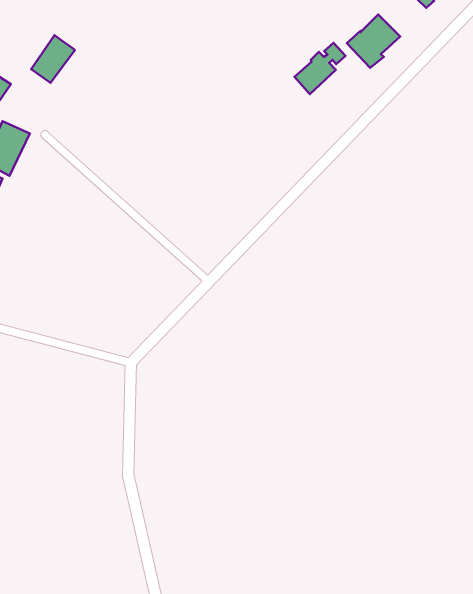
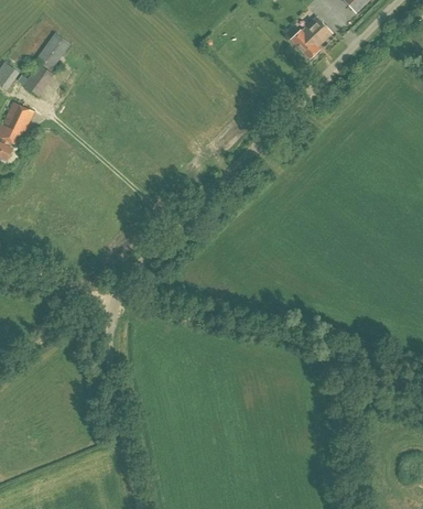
building: [294,43,345,94] -> none
building: none -> [23,65,54,97]

